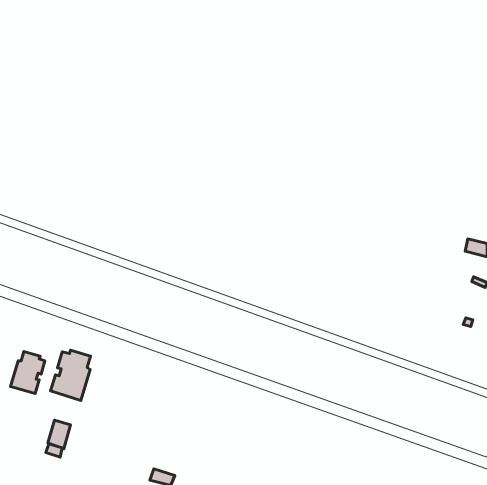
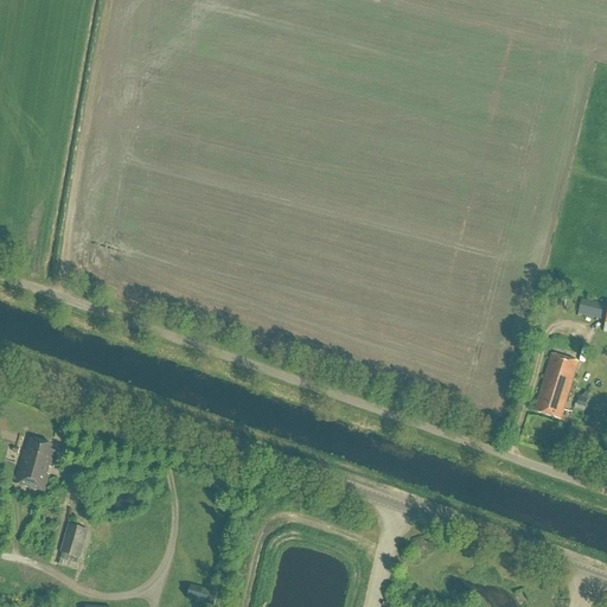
building: none -> [533,351,577,417]
building: [51,350,91,401] -> none

